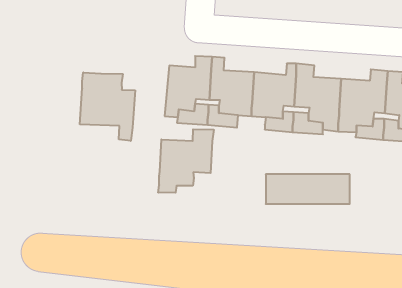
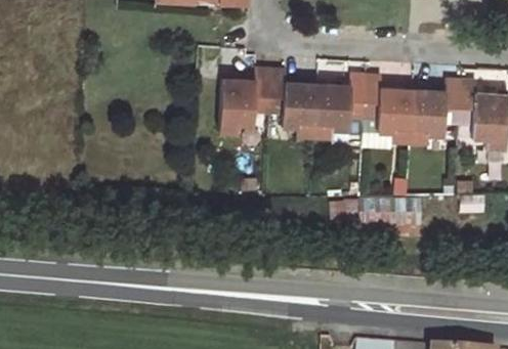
building: [80,72,135,141] -> none
building: [158,129,214,193] -> none

